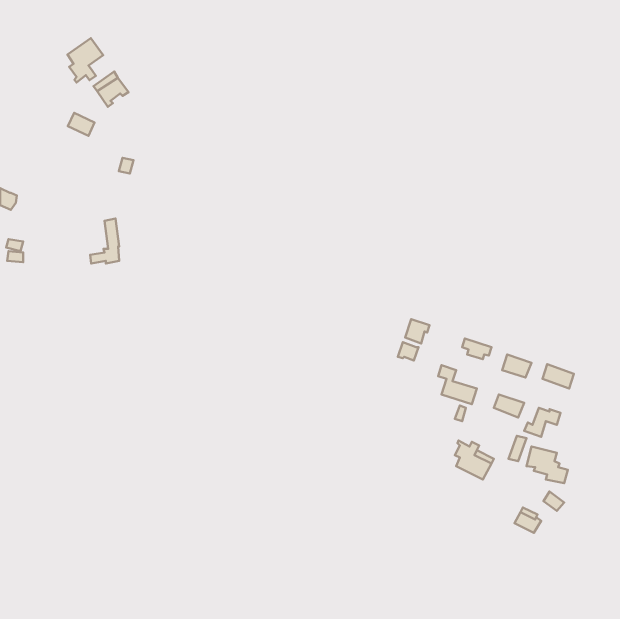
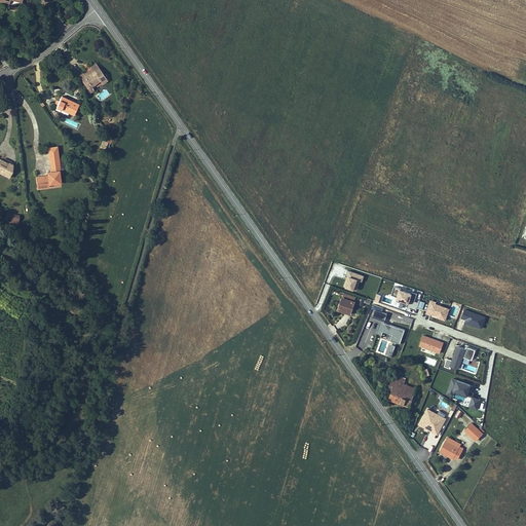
building: [68,38,103,82] -> none
building: [90,219,119,263] -> [36,147,61,185]
building: none -> [418,409,446,453]

